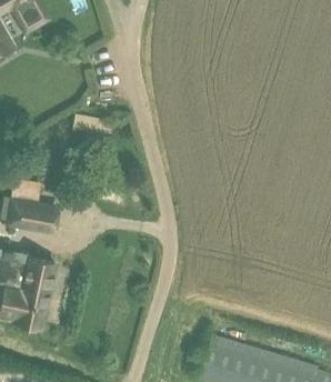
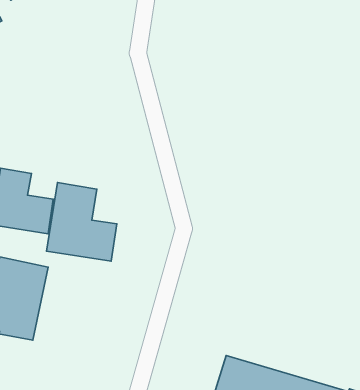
building: none -> [47,182,117,261]

